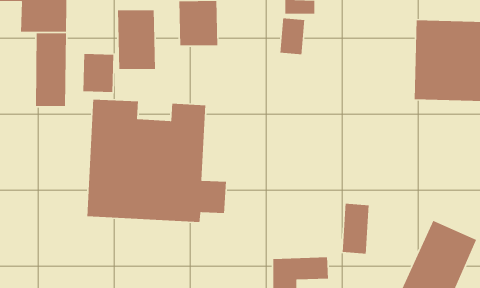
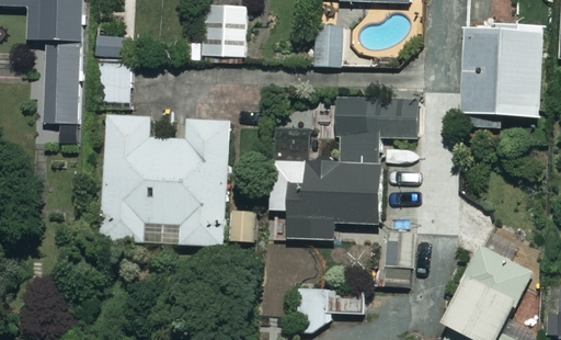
building: [117,9,156,70] -> none
building: none -> [265,99,419,243]

